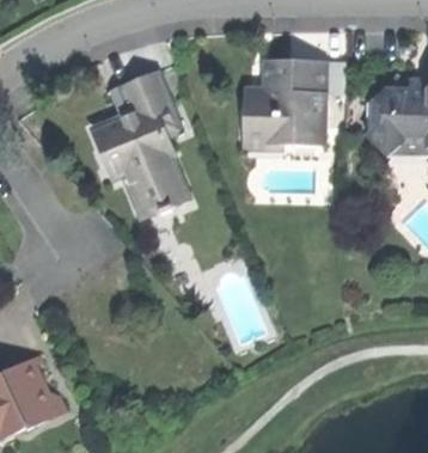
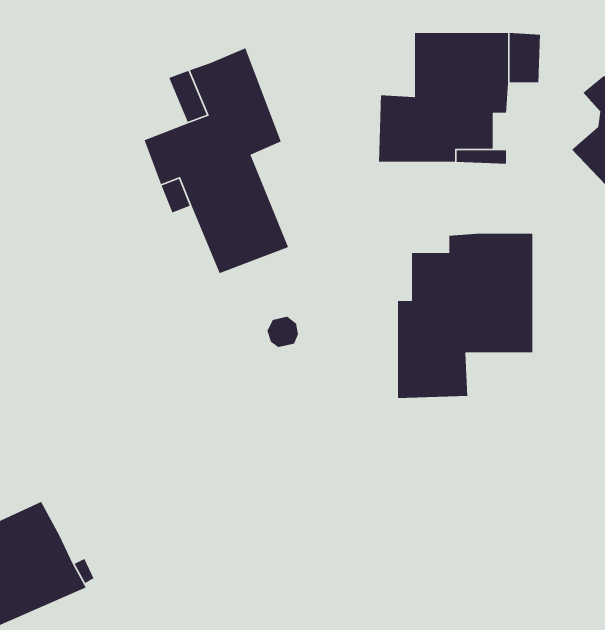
building: none -> [397,233,533,399]

